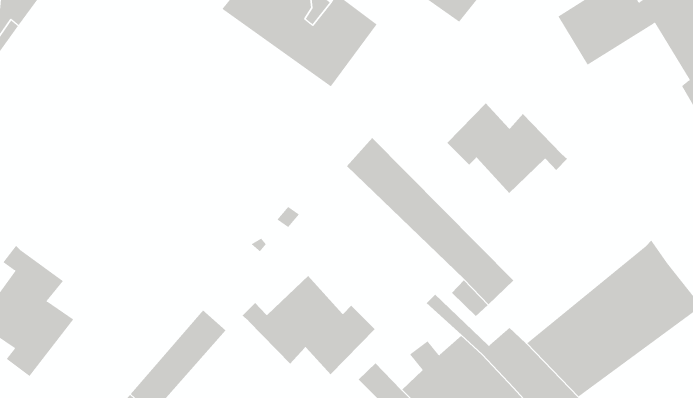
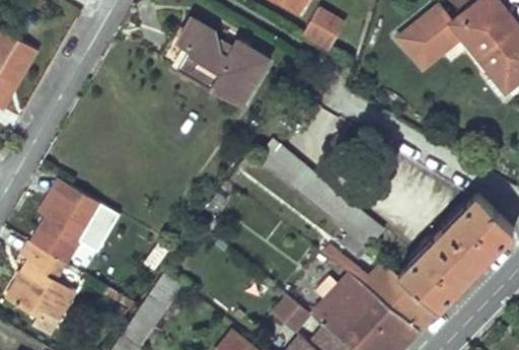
building: [447,103,568,194] -> none
building: none -> [32,183,110,267]
building: [242,275,375,375] -> none

